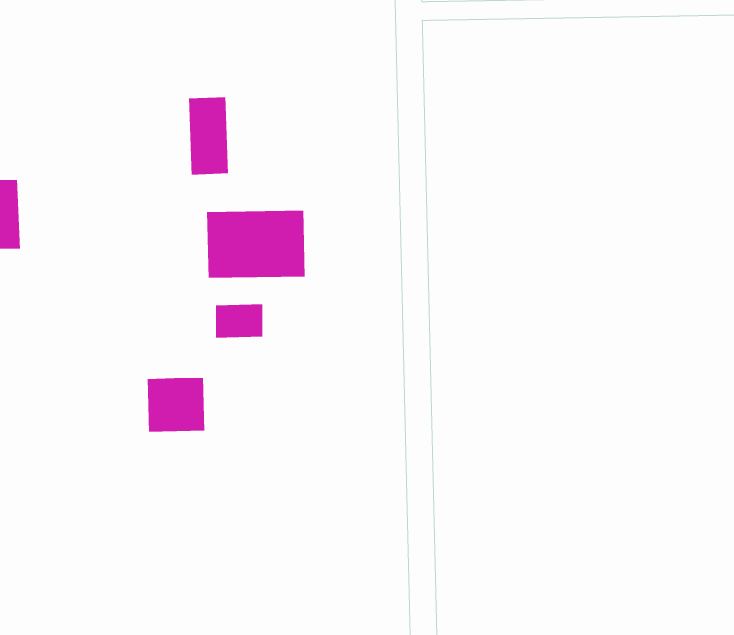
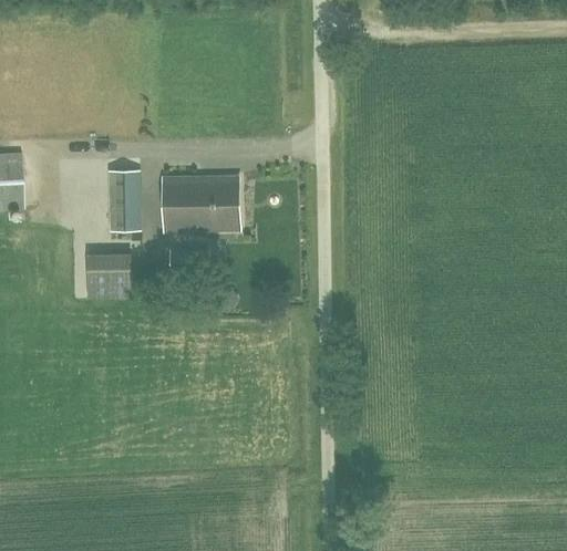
building: [188,96,229,175] -> [107,170,138,230]
building: [147,377,205,433] -> [86,254,131,297]

